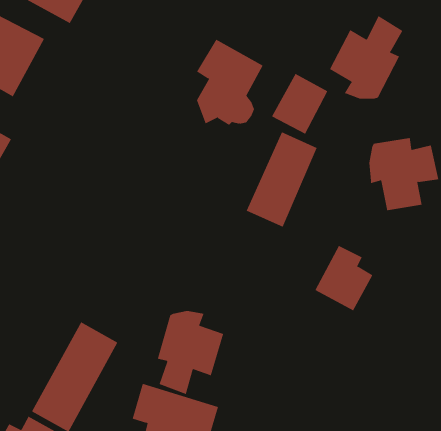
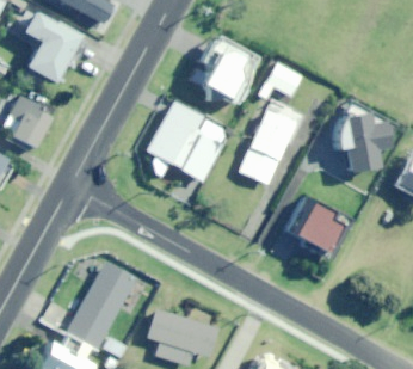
building: [329,15,403,99] -> none
building: none -> [147,102,230,182]
building: [157,310,224,395] -> none

